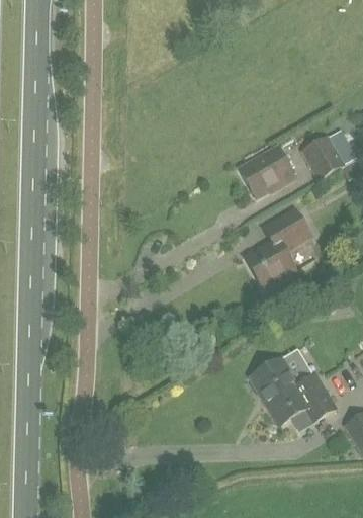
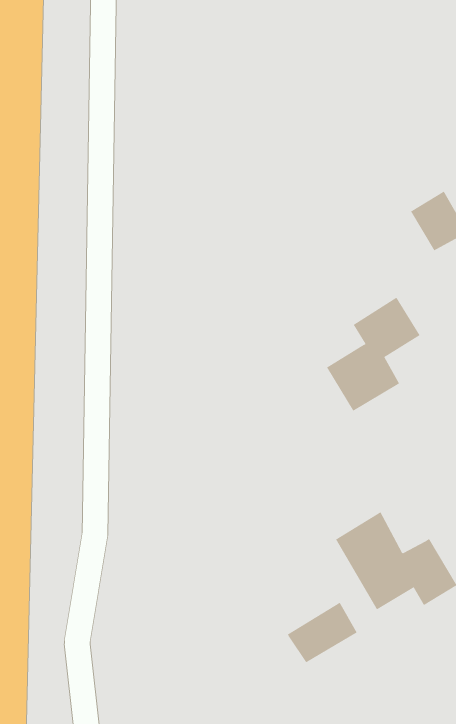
building: [239,144,294,194] -> none
building: none -> [288,602,358,663]

